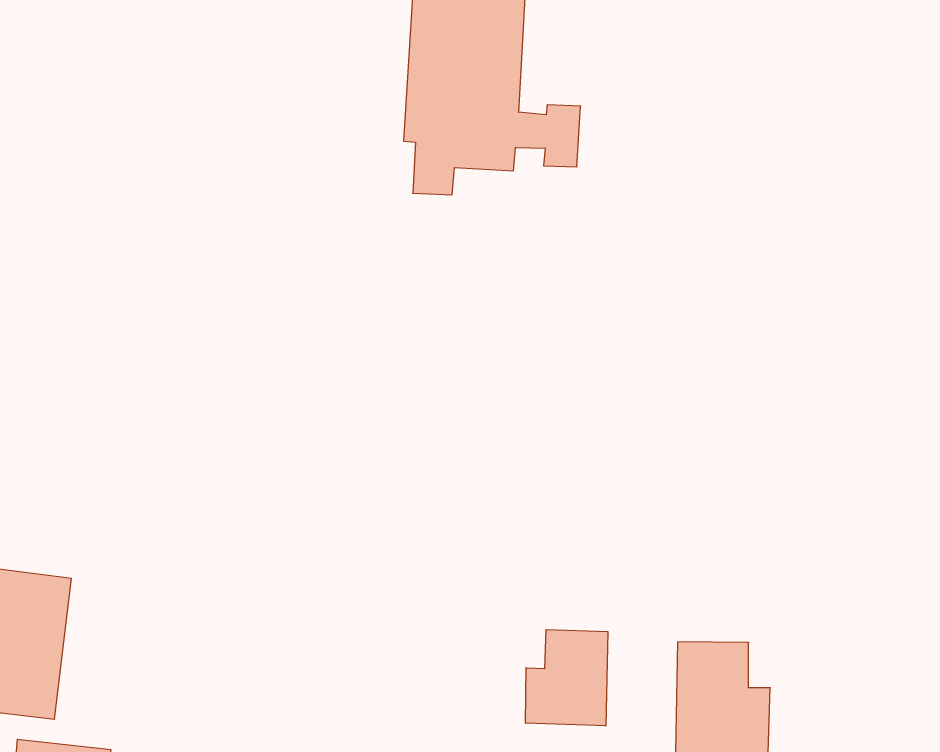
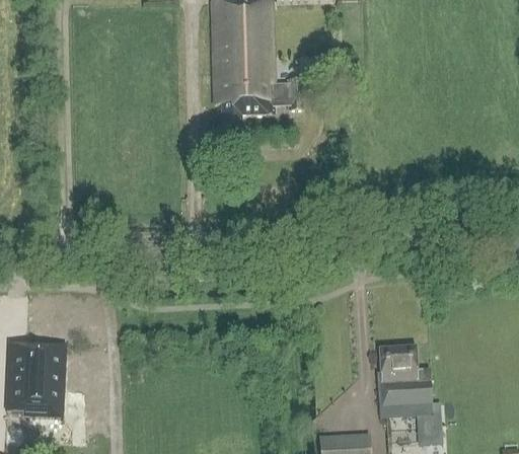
building: [526,630,608,726] -> none

